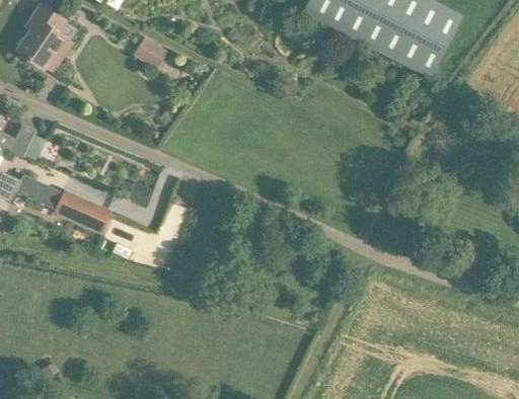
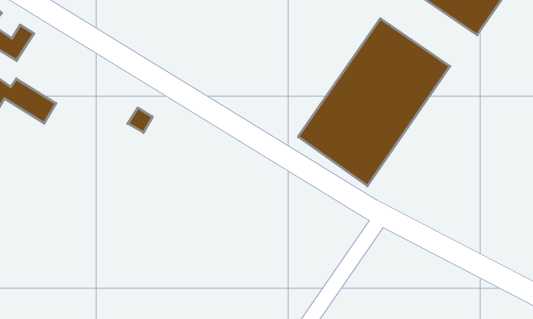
building: none -> [298,19,450,186]
building: [56,190,115,232] -> none

